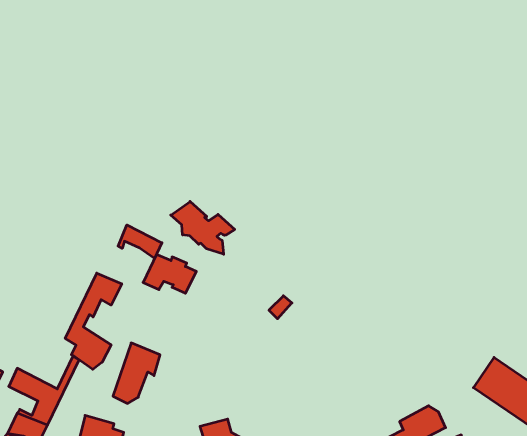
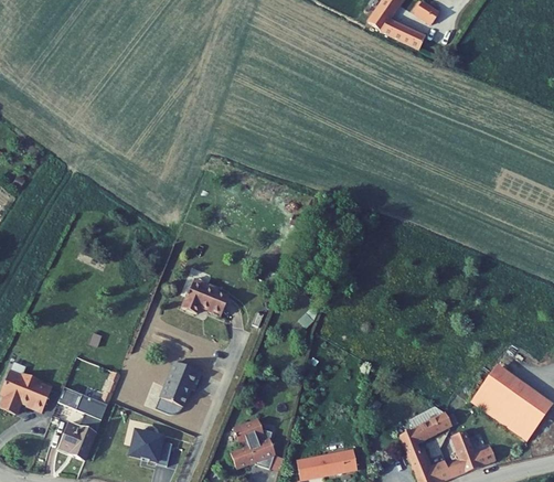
building: [171,201,235,254] -> none
building: [118,225,162,259] -> none
building: [65,273,122,369] -> none

